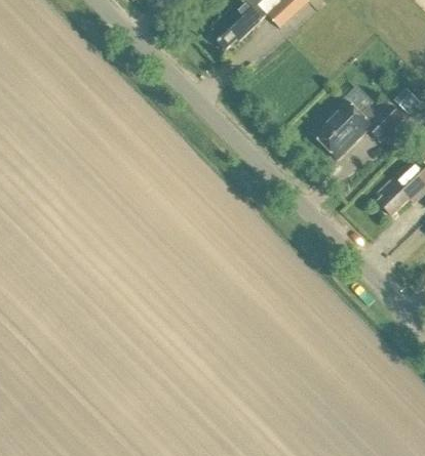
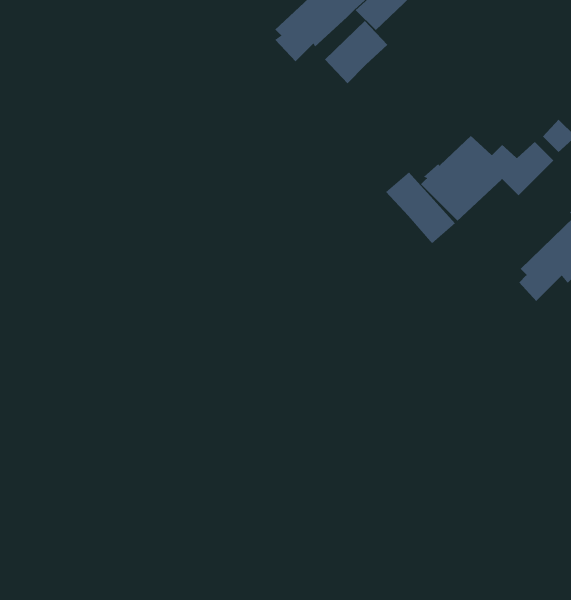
building: none -> [324,20,388,84]
building: none -> [385,171,456,244]

